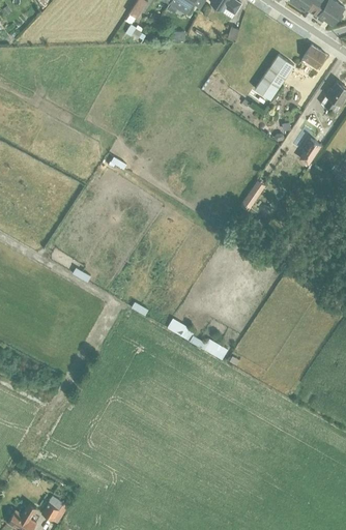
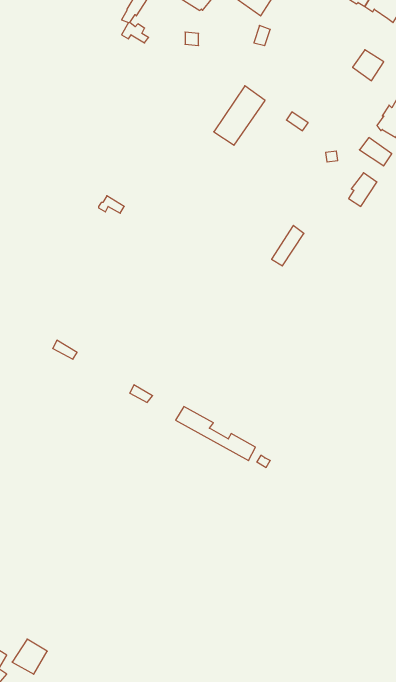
building: [254,54,293,99] -> [214,86,265,145]

